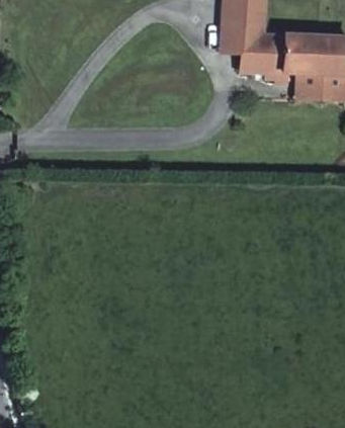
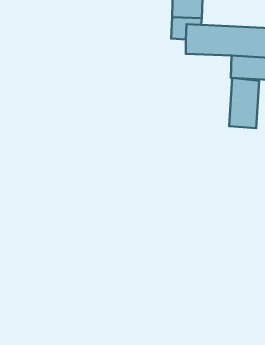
building: none -> [229,78,259,128]

